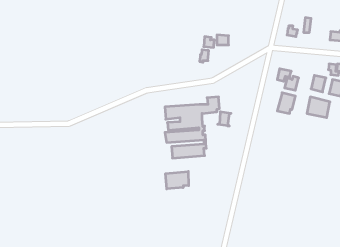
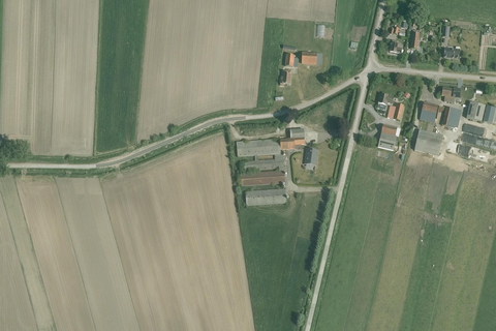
building: [166,171,189,189] -> none

